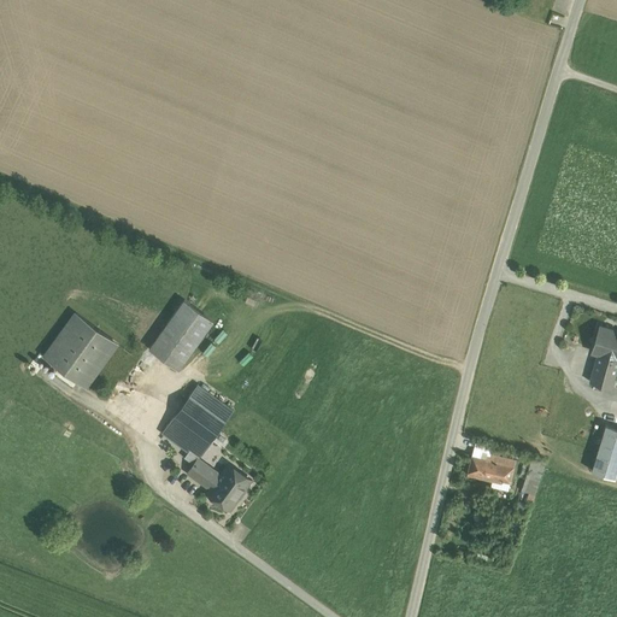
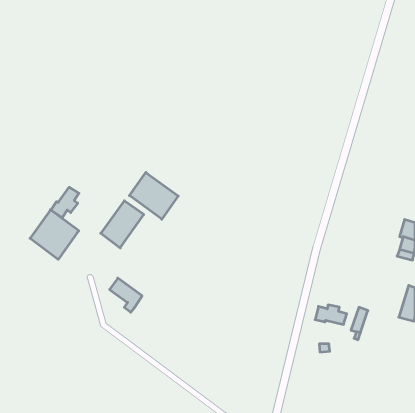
building: none -> [129,172,178,219]
building: none -> [51,187,79,218]
building: [175,386,234,442] -> none
building: [188,460,249,510] -> none

